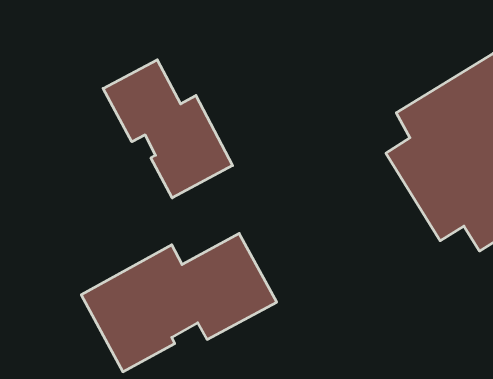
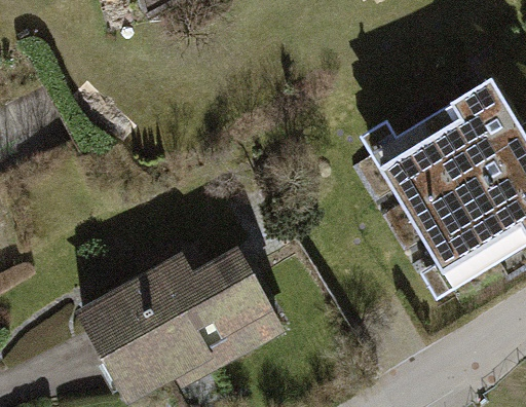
building: [103,60,233,198] -> none

